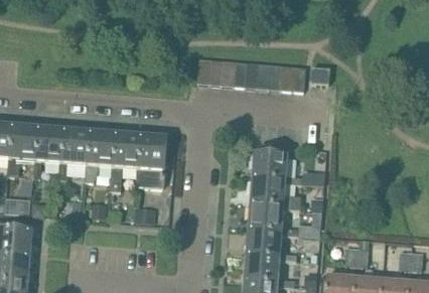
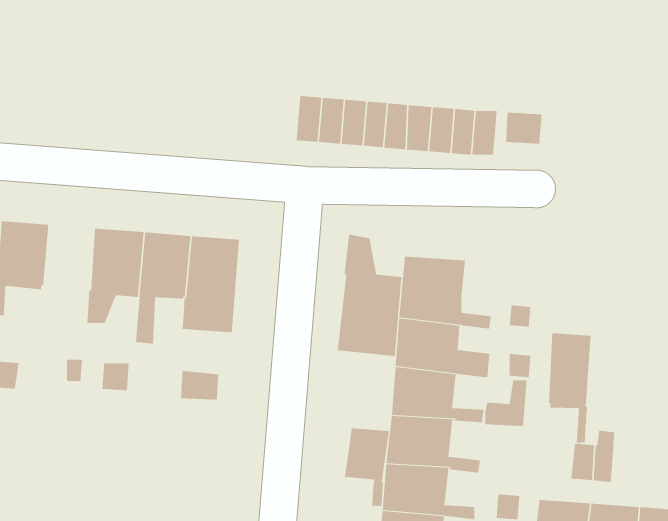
building: [58,128,88,180] -> none
building: none -> [337,234,402,357]
building: none -> [548,332,591,443]
building: none -> [344,427,389,507]

